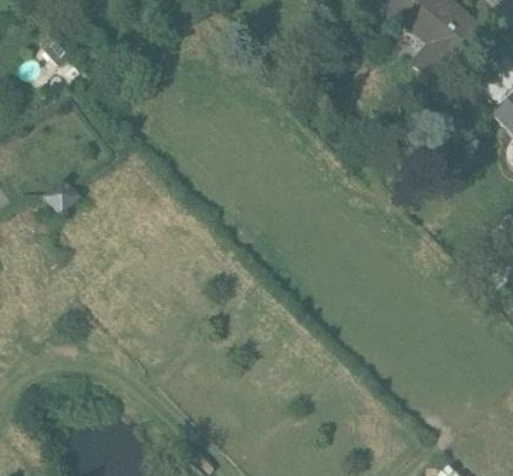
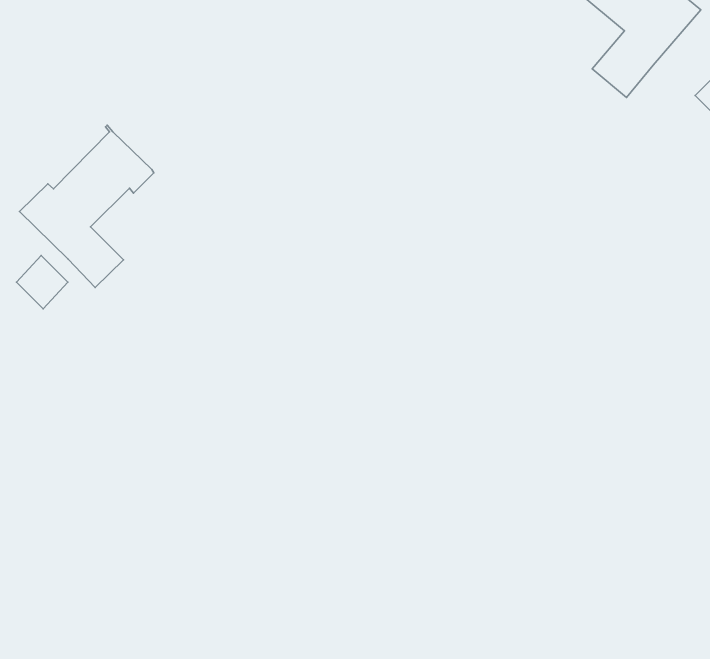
building: none -> [20,125,154,287]

